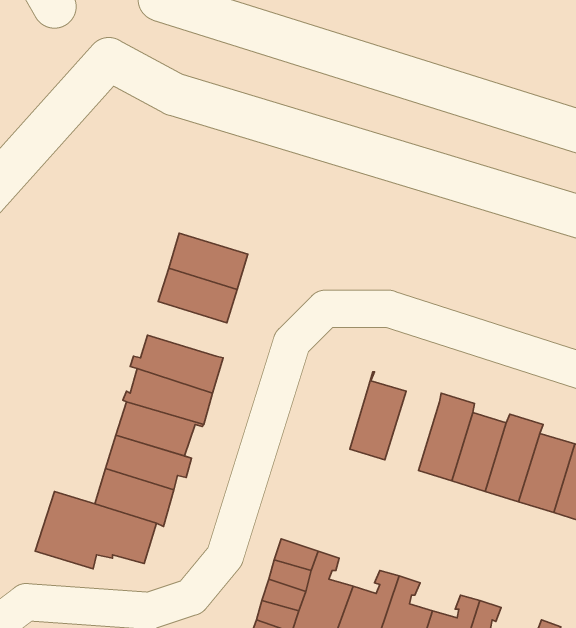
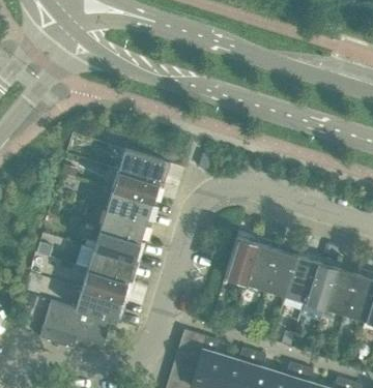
building: none -> [106,190,152,222]
building: none -> [246,243,278,290]

